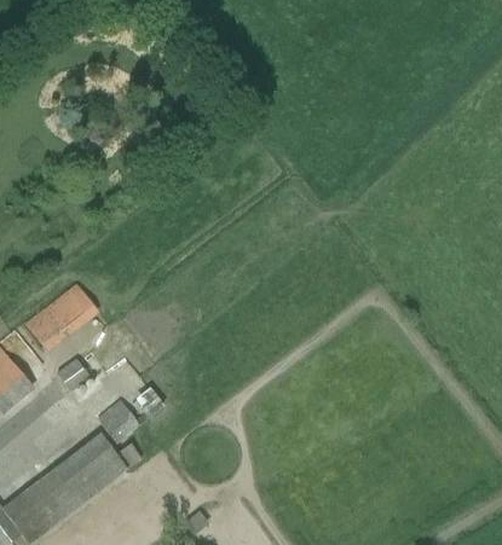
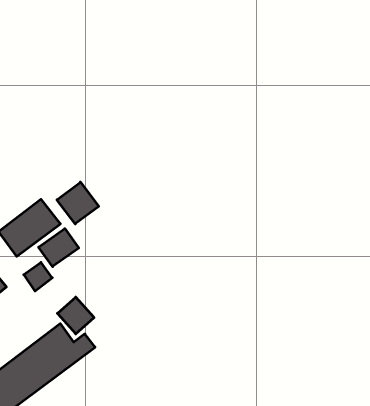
building: none -> [57,182,99,224]
building: none -> [39,229,79,267]

